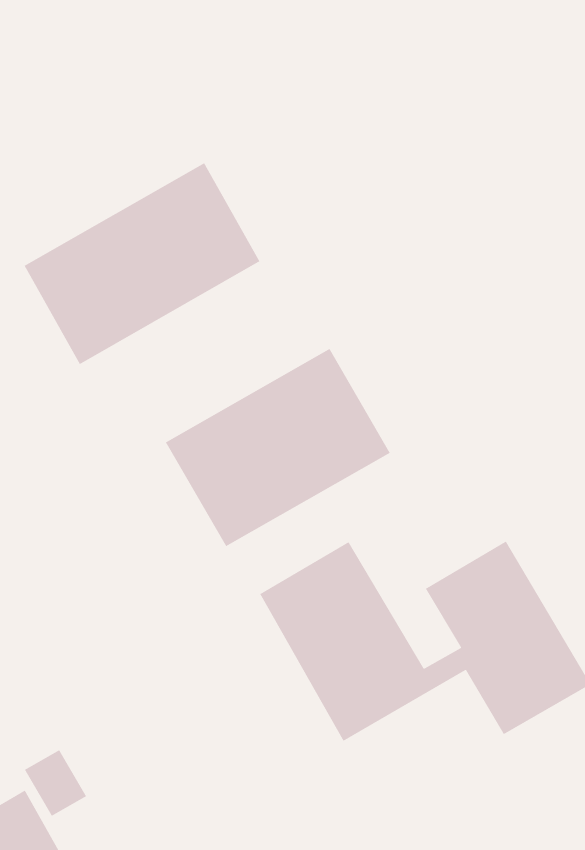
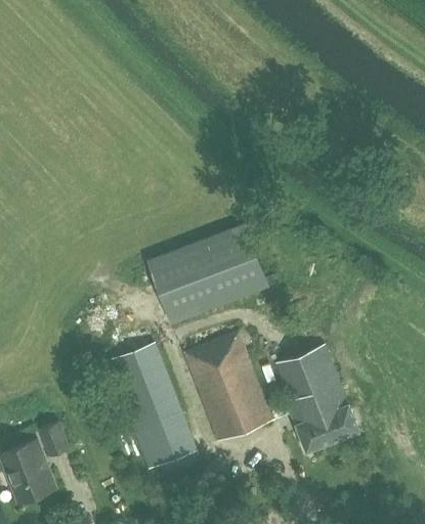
building: [23,162,261,365] -> none
building: none -> [108,344,197,470]

